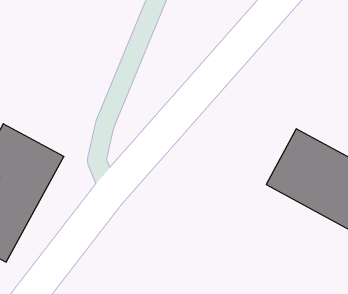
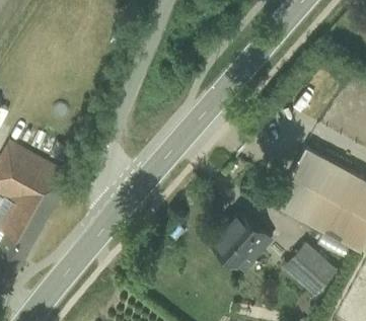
building: none -> [209,212,273,273]
building: none -> [283,241,338,295]

